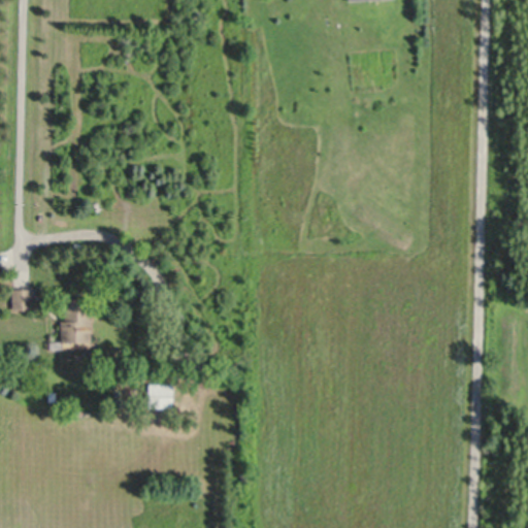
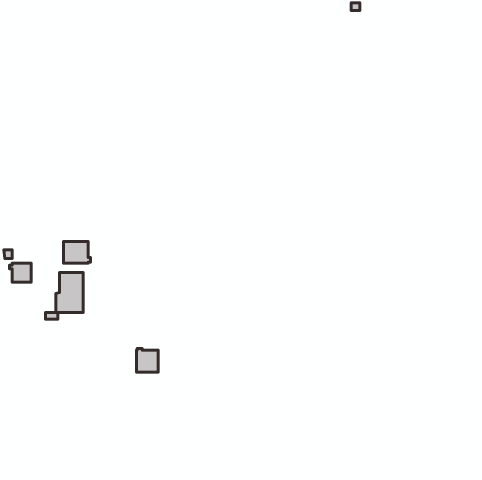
building: none -> [63,241,90,263]

